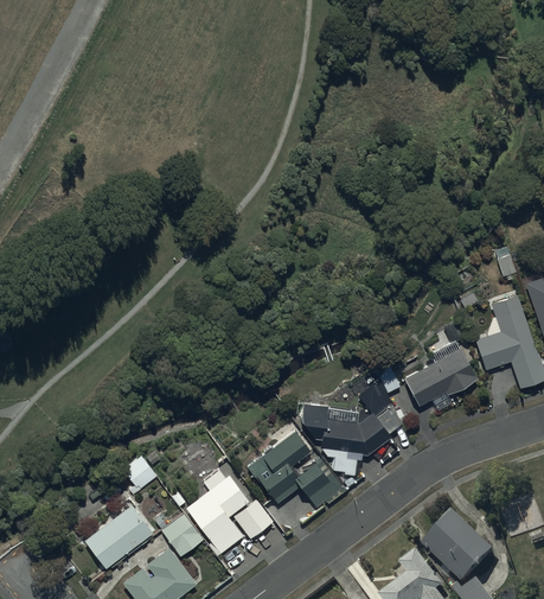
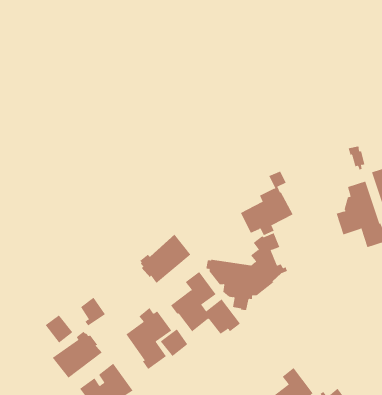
building: [404,319,478,409] -> [240,171,294,236]
building: none -> [140,234,191,284]
building: none -> [45,315,73,343]
building: [161,514,204,557] -> none
building: [423,515,495,585] -> none

